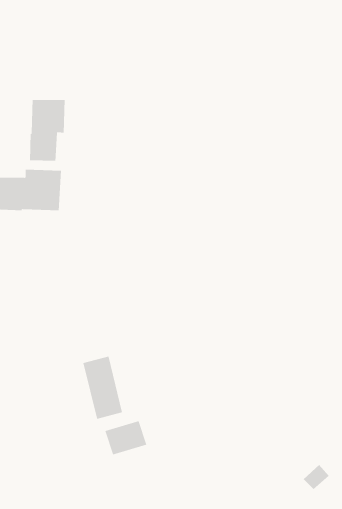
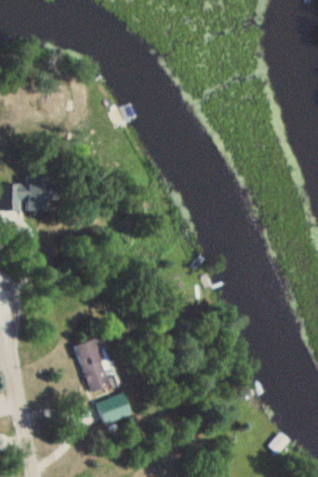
building: [29,99,65,162] -> none

